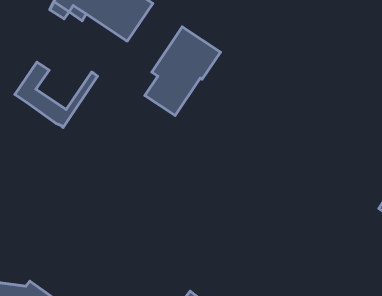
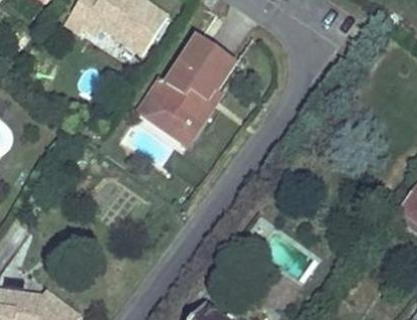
building: [15,62,98,128] -> [139,79,221,145]

